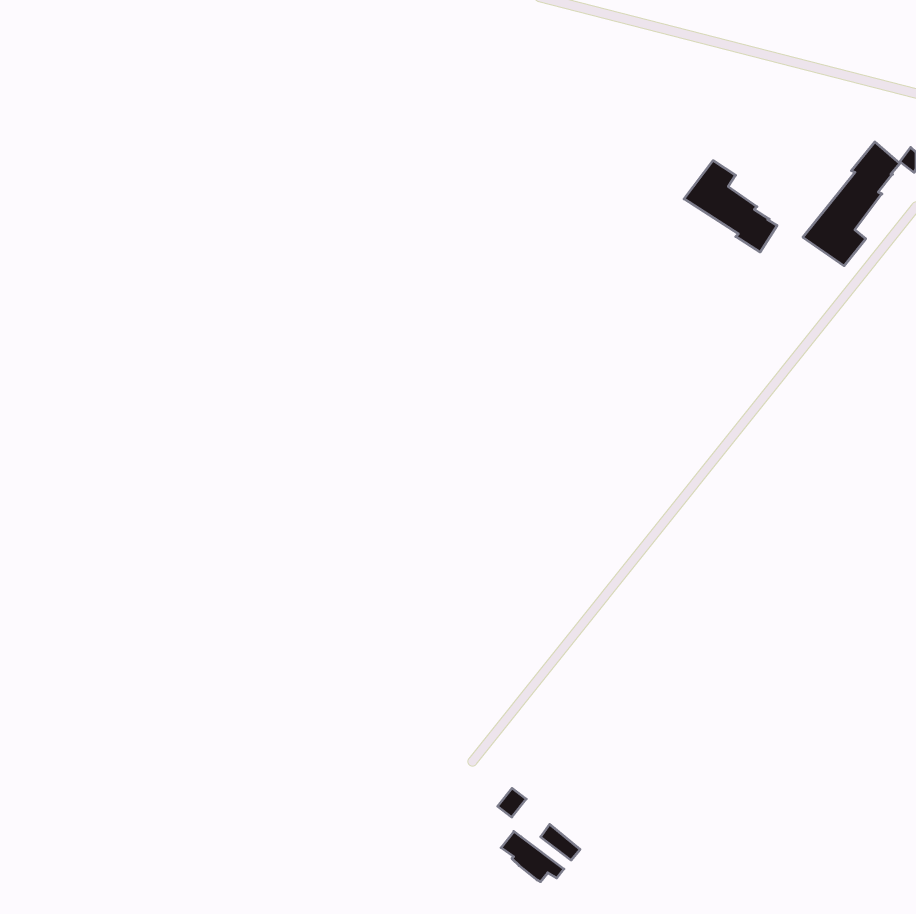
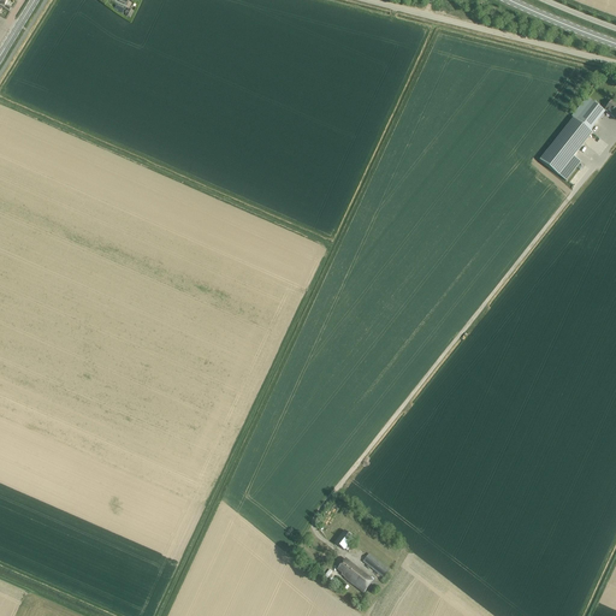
building: [684,161,777,252] -> none

